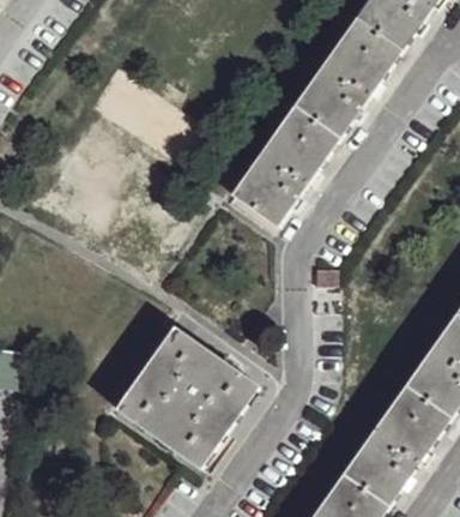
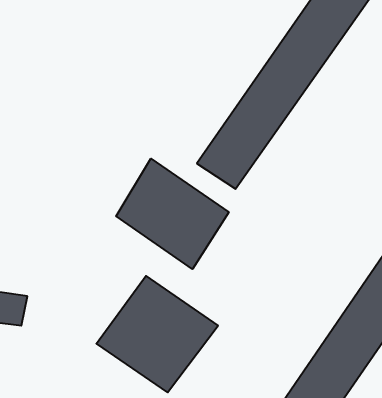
building: none -> [116,159,229,269]

